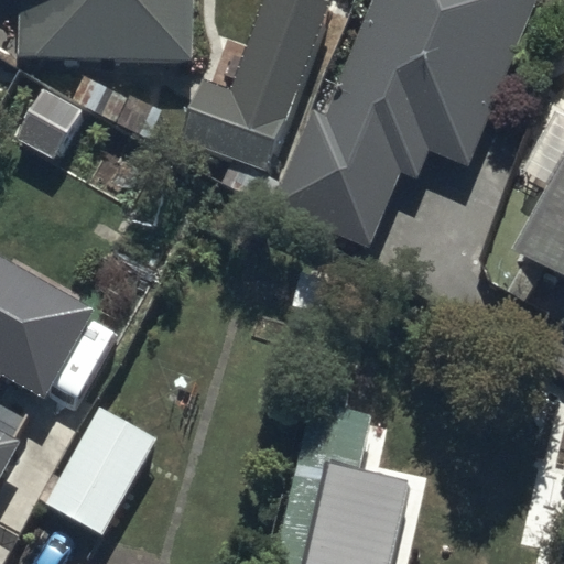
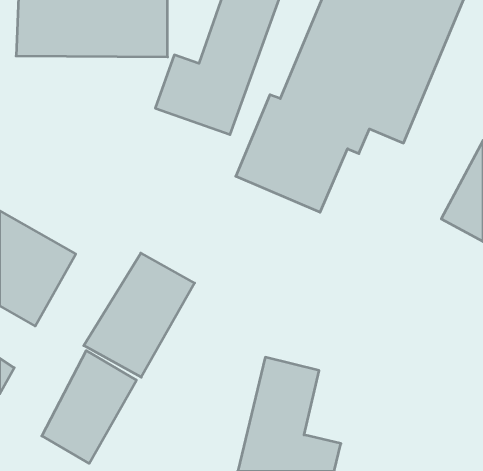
building: none -> [84,253,195,377]

